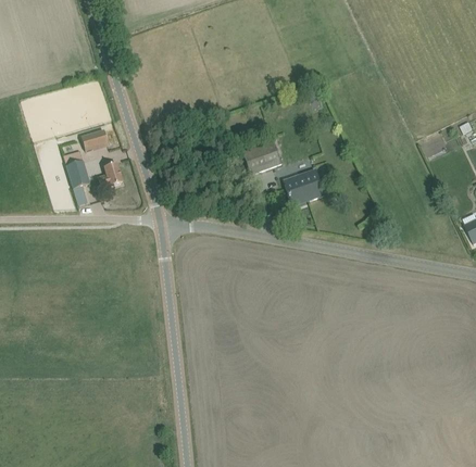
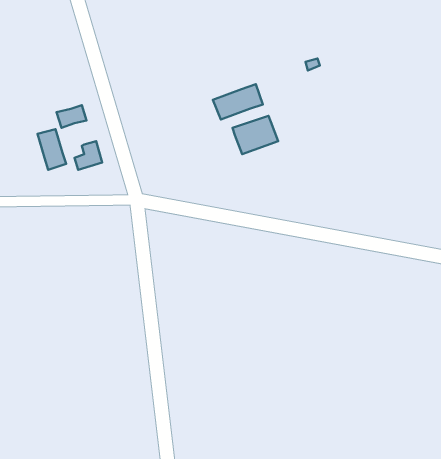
building: none -> [213,84,263,120]
building: [284,168,323,202] -> none

